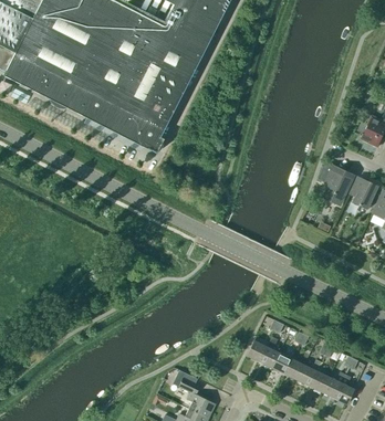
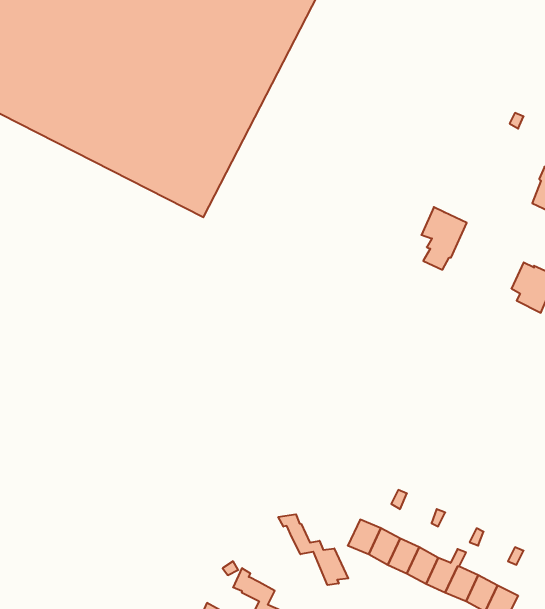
building: [325,165,354,204] -> [421,207,467,270]
building: none -> [278,514,348,585]

